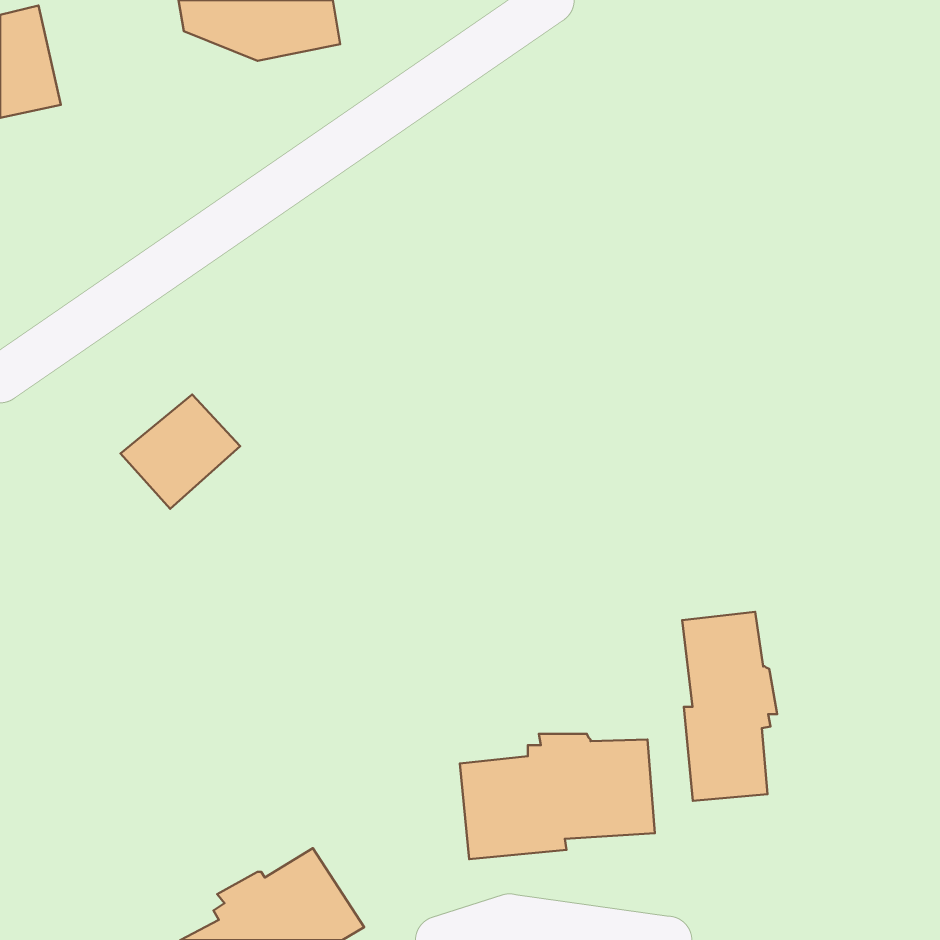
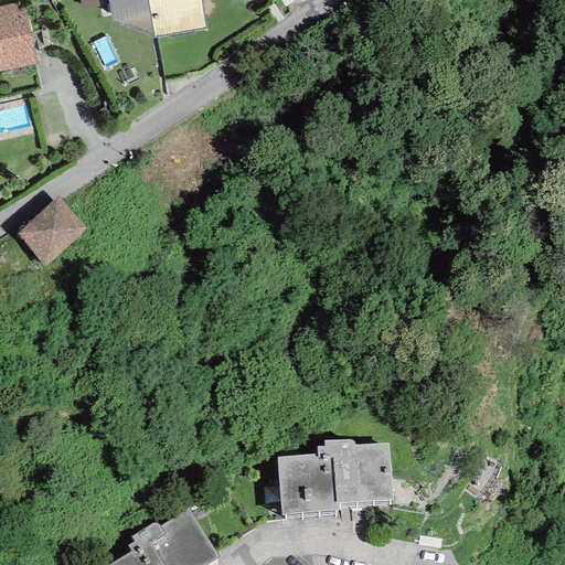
building: [121,395,240,509] -> [14,198,86,266]
building: [682,612,777,801] -> none

